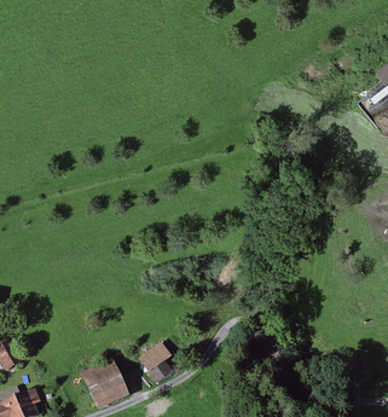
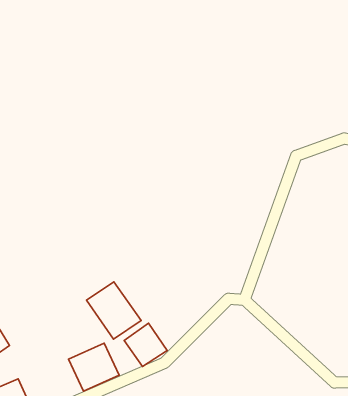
building: none -> [86,282,141,339]

